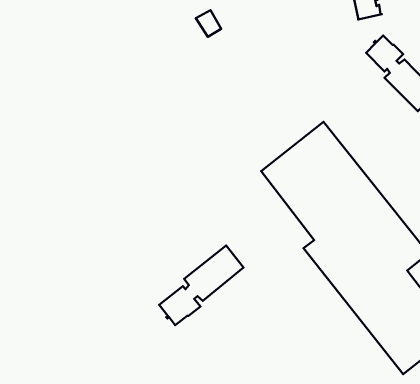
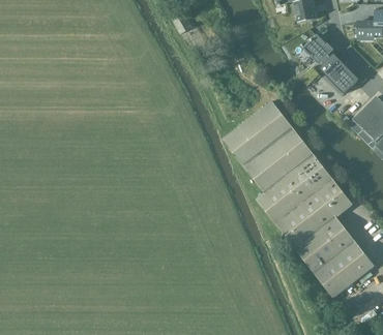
building: [159,245,244,325] -> none

